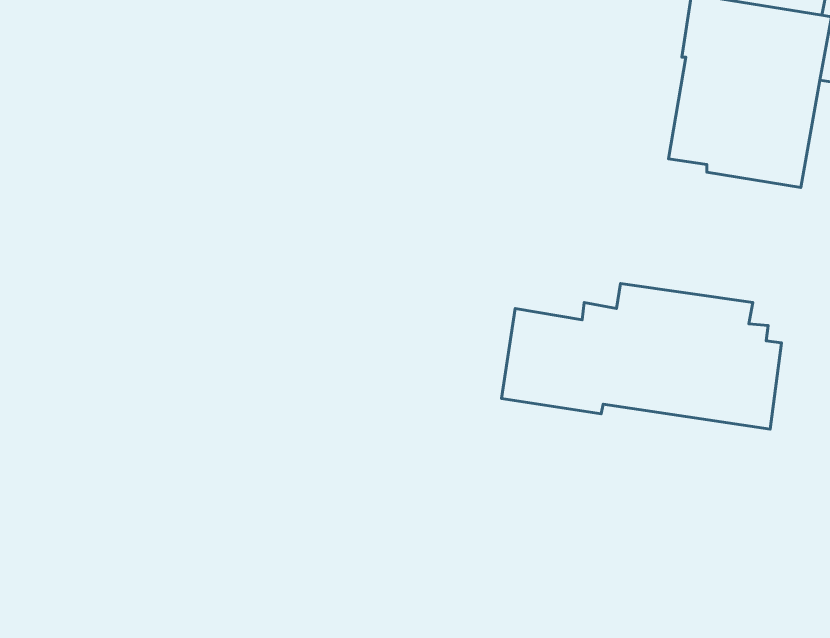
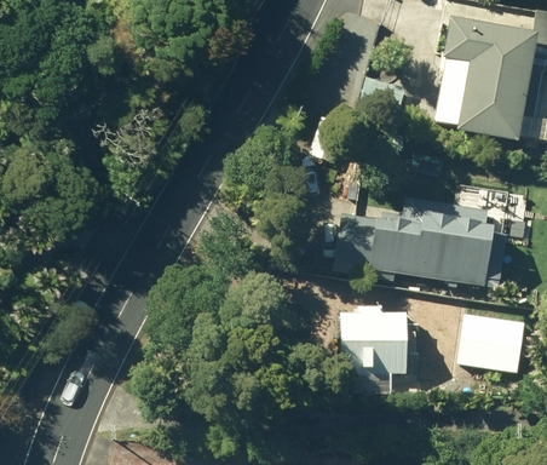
building: none -> [336,310,407,373]
building: none -> [457,315,524,374]

